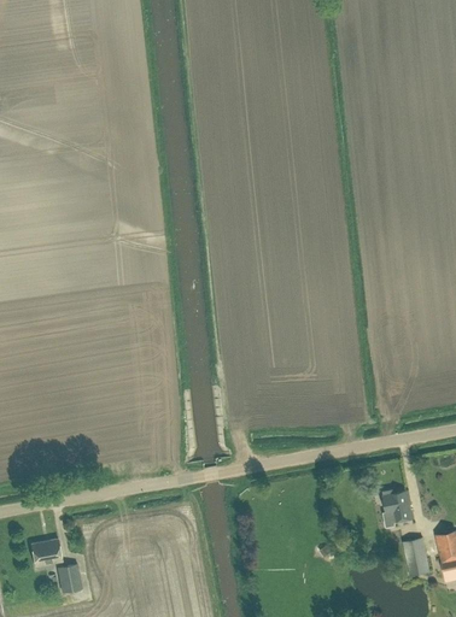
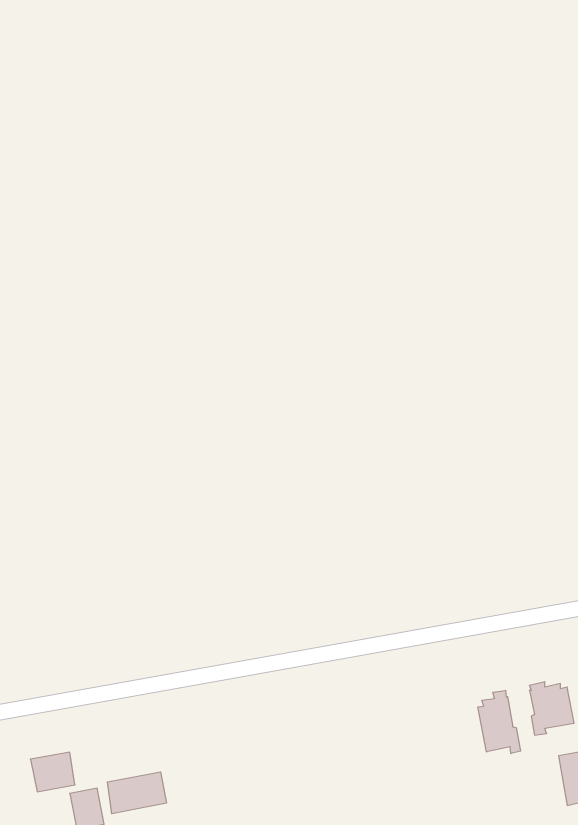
building: none -> [478,690,521,754]
building: none -> [108,772,166,814]

